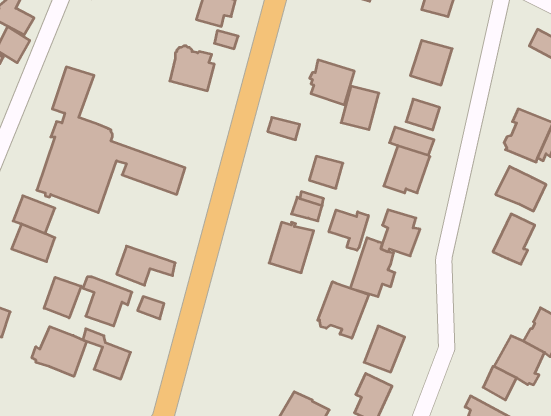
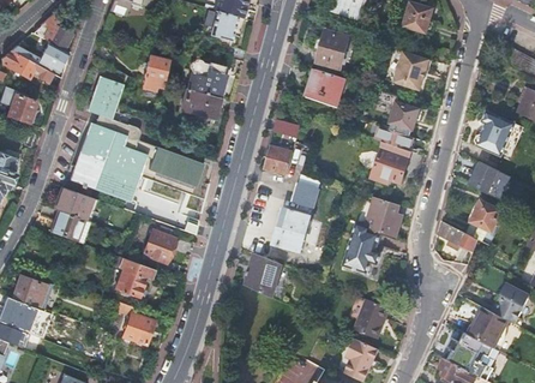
building: none -> [142,54,169,90]
building: none -> [181,88,221,119]
building: [341,86,379,130] -> [317,31,349,68]
building: [309,156,343,188] -> [265,148,294,175]
building: [329,210,368,250] -> none
building: none -> [437,222,477,252]
building: none -> [244,253,282,298]
building: [44,277,81,318] -> none
building: [318,282,369,338] -> none
building: [32,327,87,376] -> none

